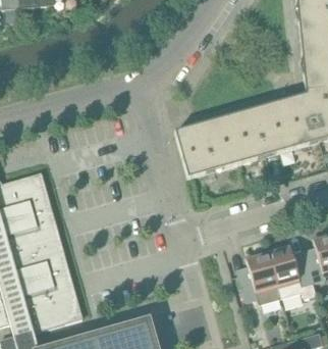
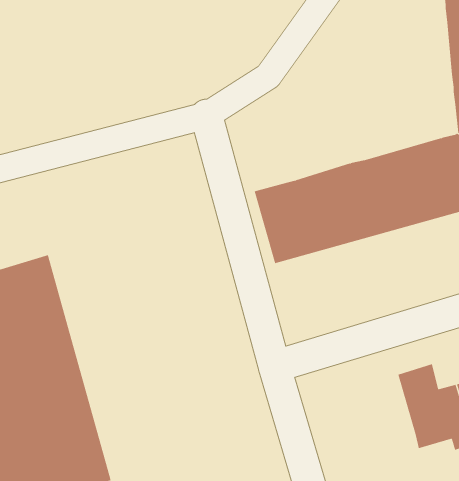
building: [237,250,280,304] -> none

